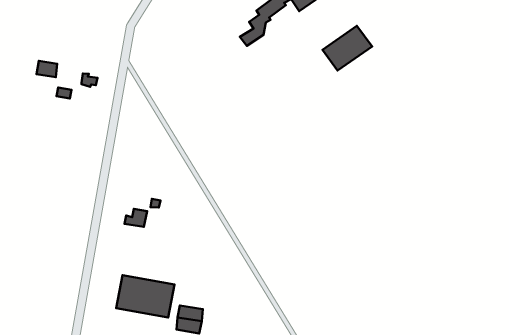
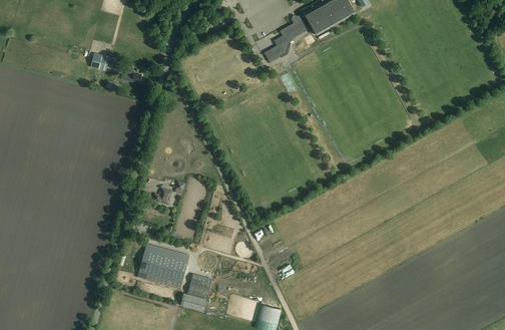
building: [323,26,372,71] -> none

